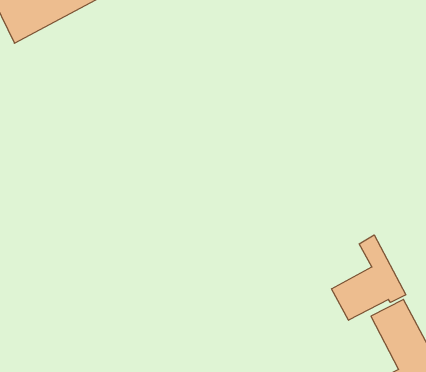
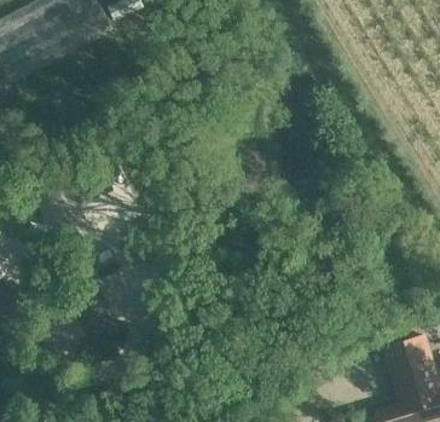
building: [332,235,406,320] -> none

